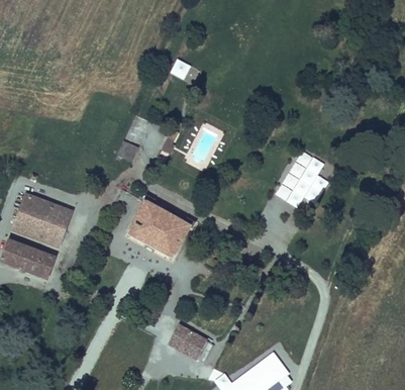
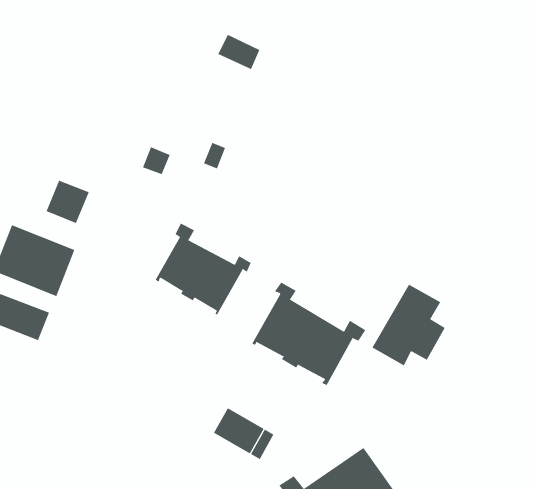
building: [276,150,328,208] -> [372,284,446,366]
building: none -> [46,180,89,224]
building: none -> [252,282,366,386]

